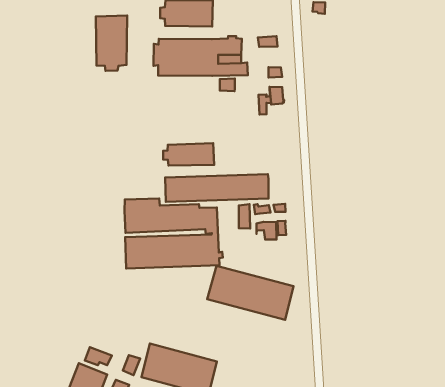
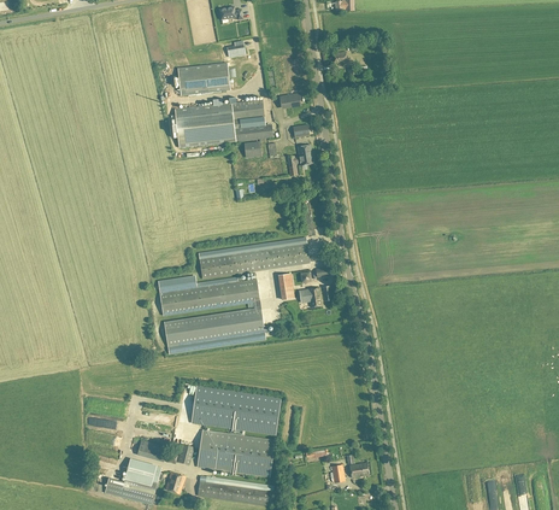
building: [96,16,127,71] -> none
building: [163,143,214,166] -> none
building: [207,266,294,320] -> [190,386,280,434]

